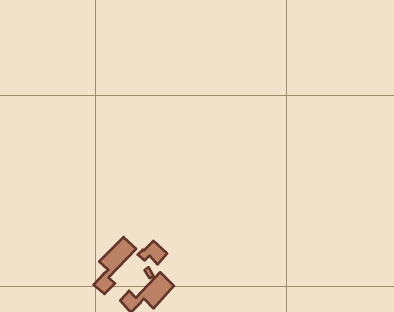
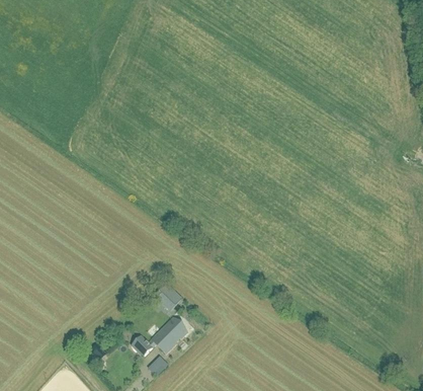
building: [94,237,136,294] -> none

